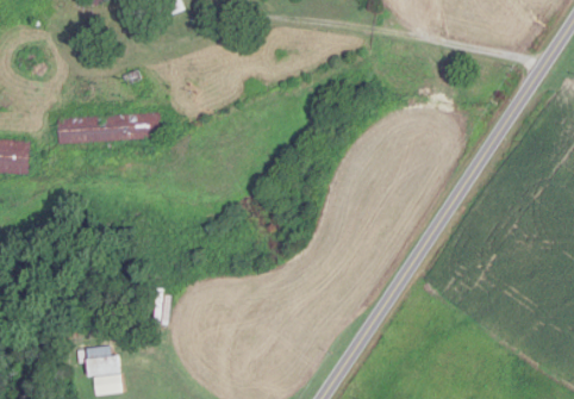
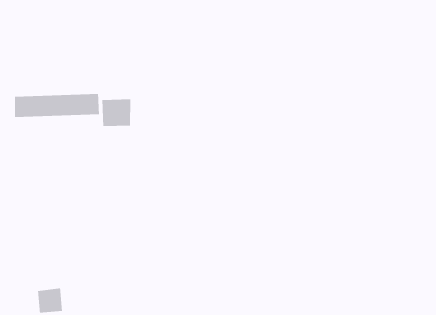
building: none -> [102,99,131,127]

